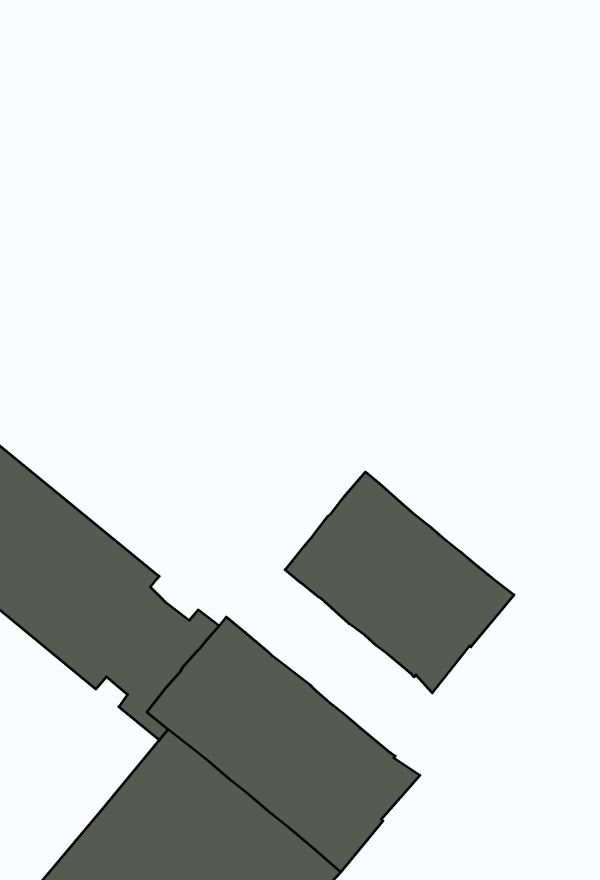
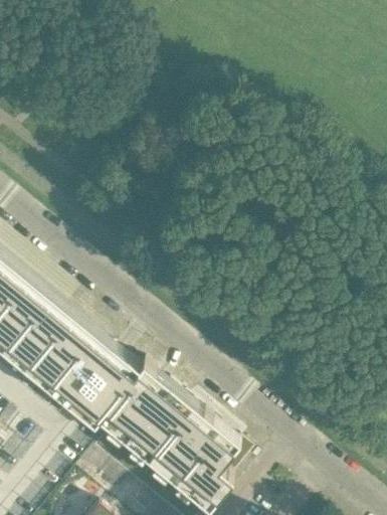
building: [285,472,514,693] -> none

